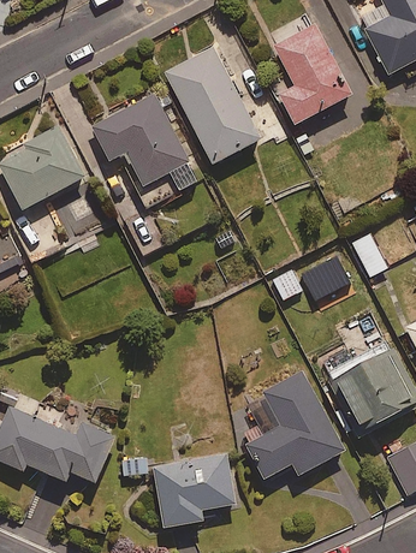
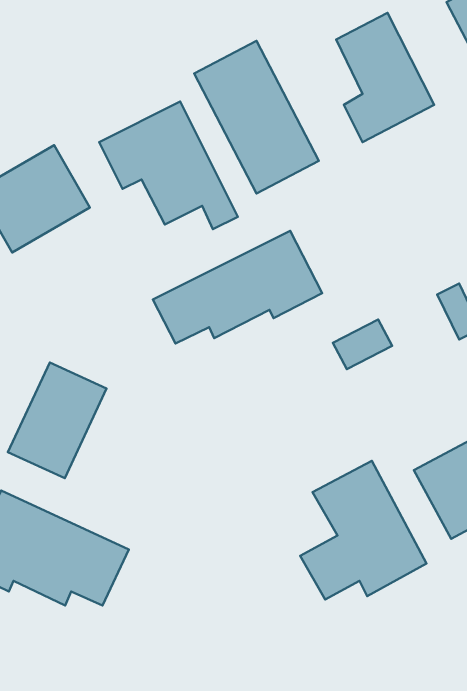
building: none -> [153,231,322,344]
building: none -> [8,362,107,478]
building: [153,453,236,527] -> none

